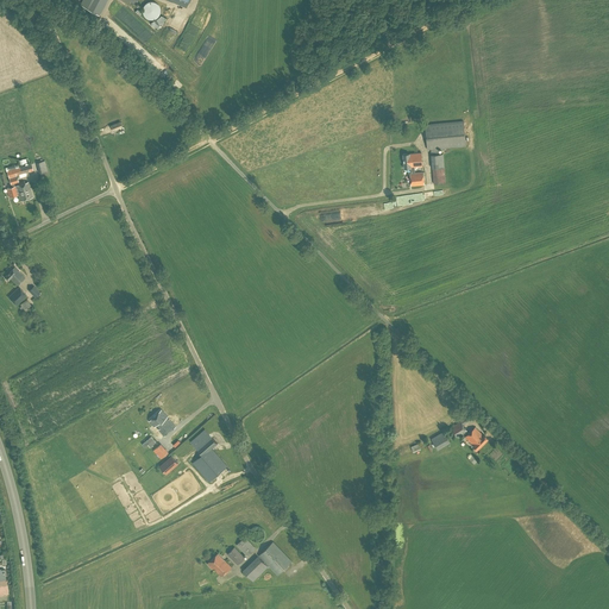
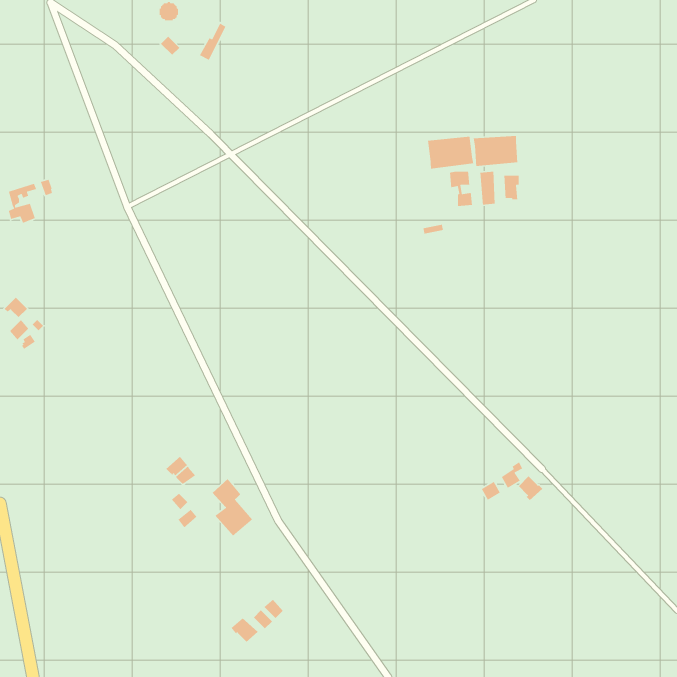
building: none -> [427,136,474,170]
building: [244,542,291,580] -> none

